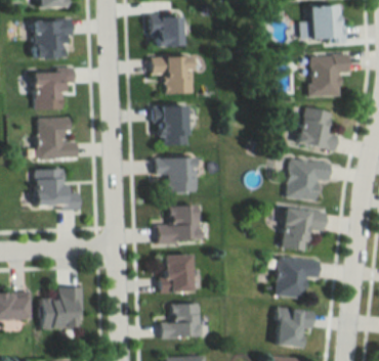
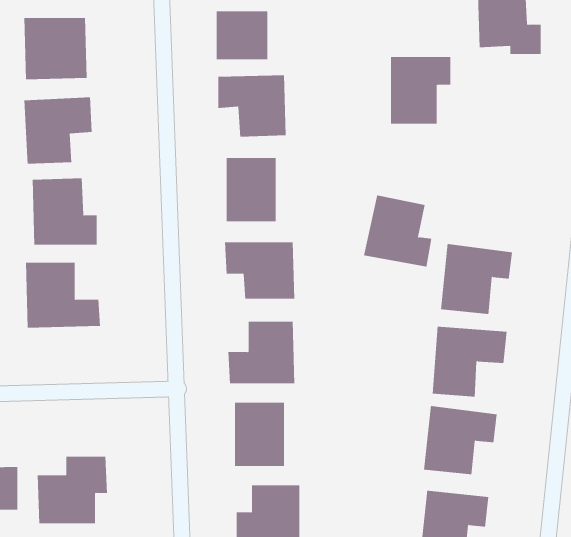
building: [311,54,348,95] -> [390,57,451,124]
building: [295,106,337,150] -> [363,195,432,267]

